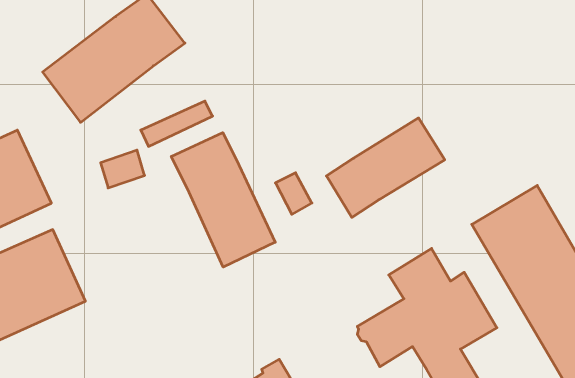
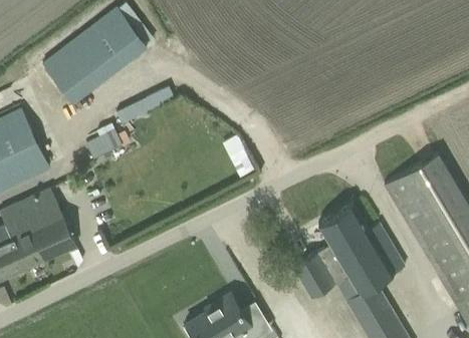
building: [326,118,445,217] -> none
building: [171,133,275,267] -> none

